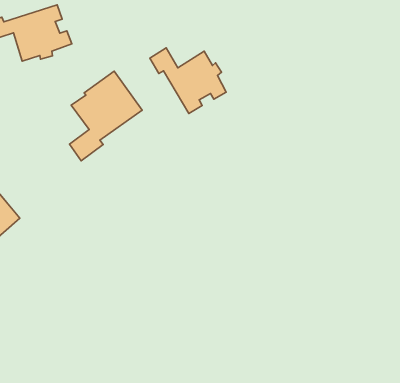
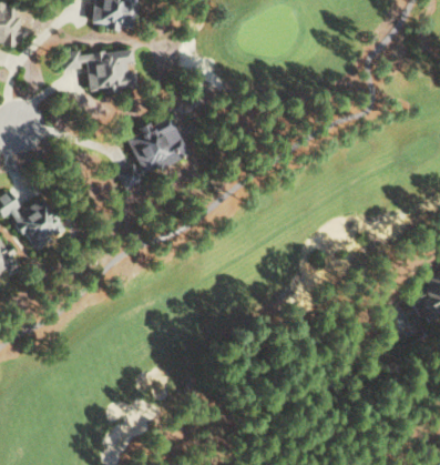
building: [150,48,226,114] -> none

